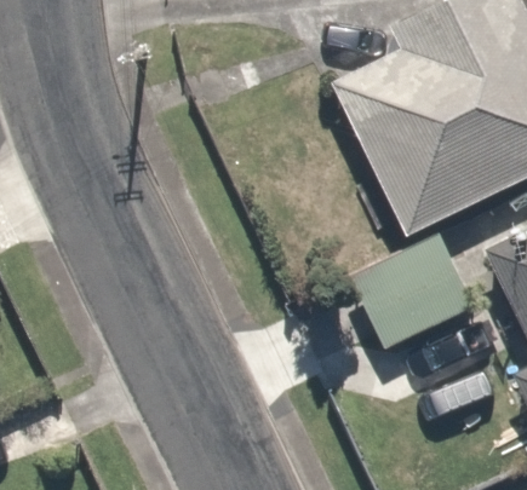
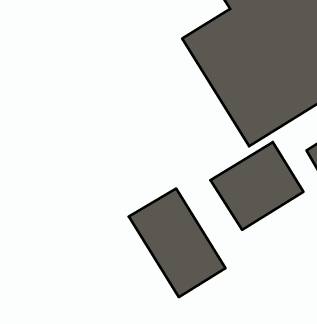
building: none -> [129,189,225,297]

